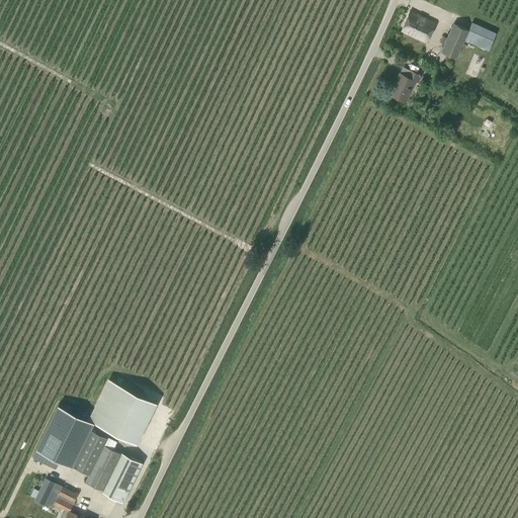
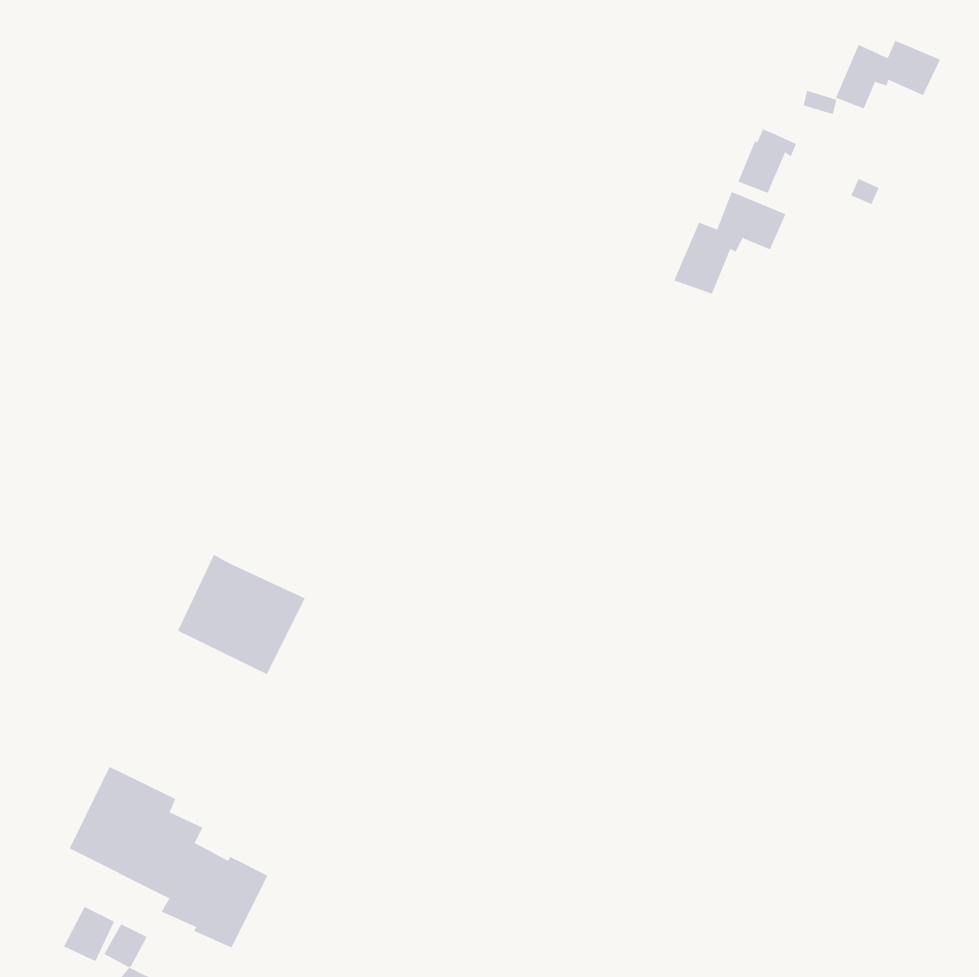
building: [401,12,435,44] -> none
building: none -> [674,191,786,295]
building: [88,379,156,443] -> [177,554,306,675]

